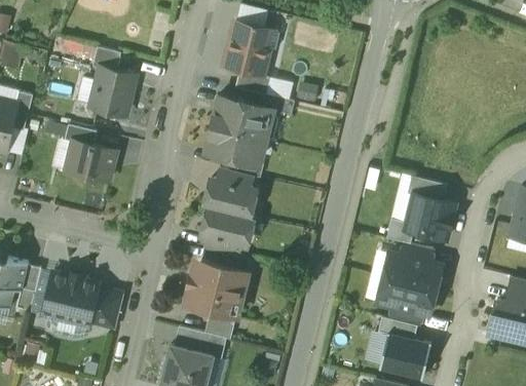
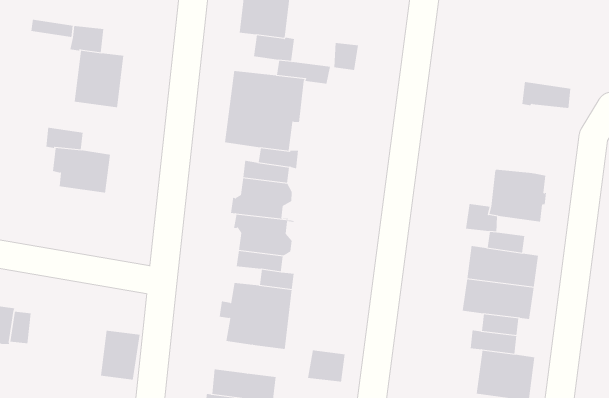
building: [406,176,446,200] -> [521,82,571,108]
building: [42,272,98,325] -> none
building: [203,311,235,339] -> [307,350,345,382]

